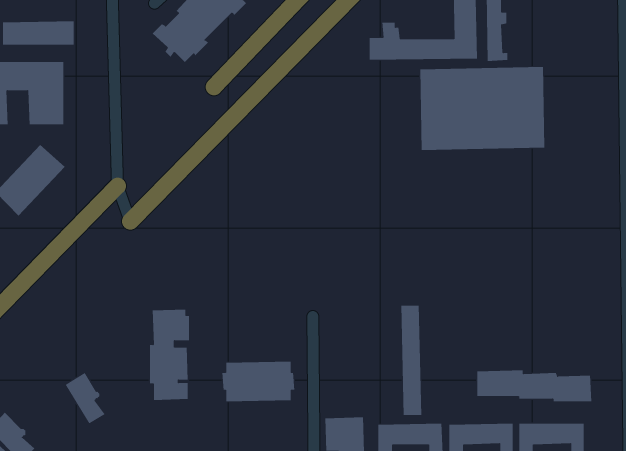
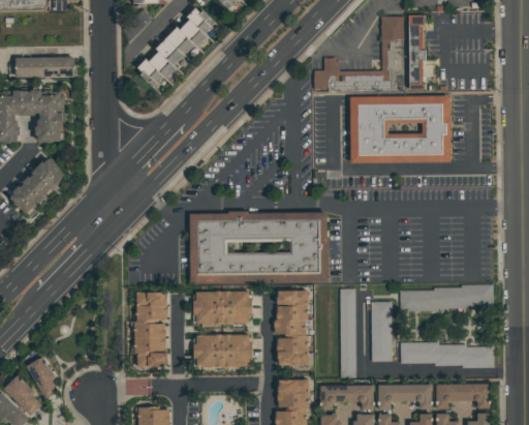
building: none -> [189,212,326,281]
building: none -> [399,284,494,311]
building: none -> [193,291,252,324]
building: none -> [274,291,308,365]
building: none -> [371,301,392,361]
building: [65,372,105,424] -> [26,357,59,399]

